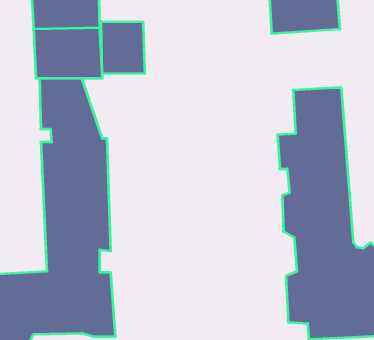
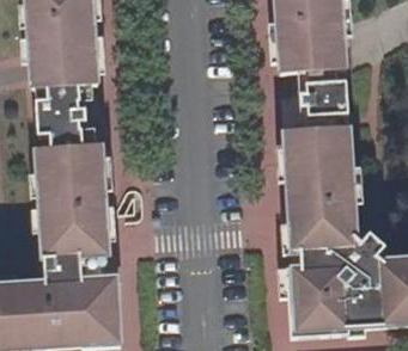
building: [101,21,145,74] -> none
building: none -> [274,30,346,91]

